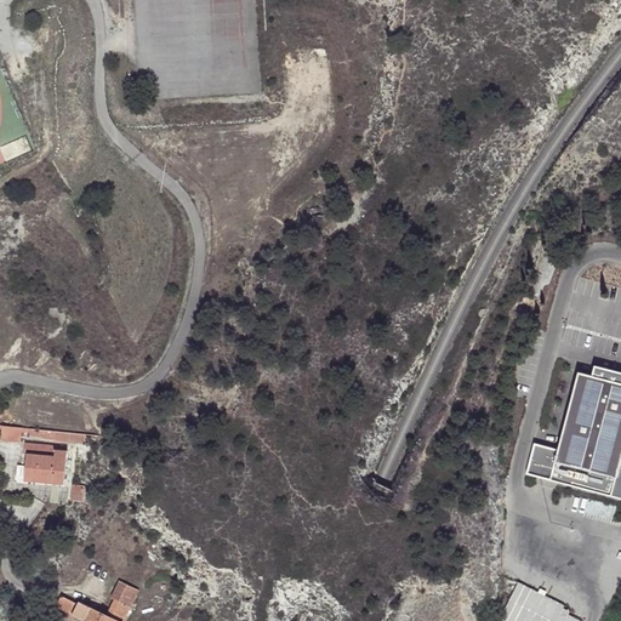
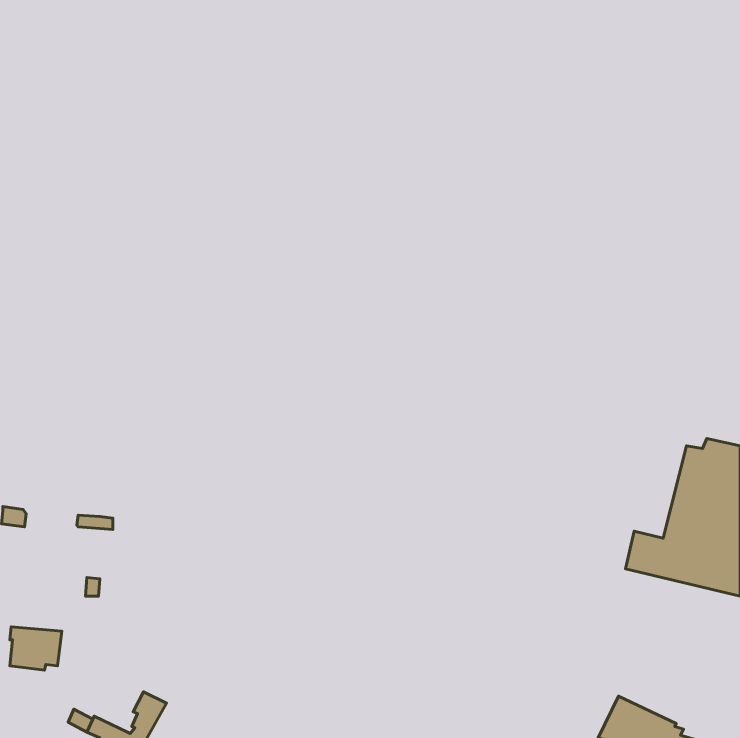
building: [24,443,68,479] -> [10,627,62,670]

